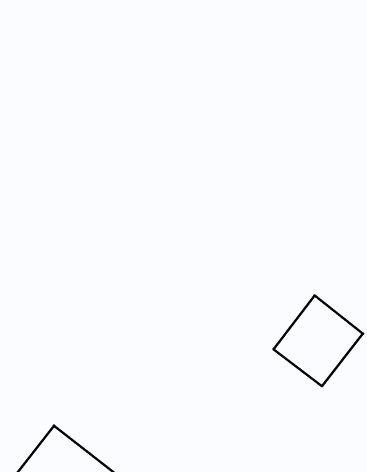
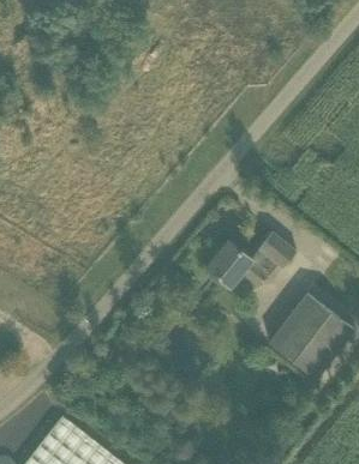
building: none -> [205,234,294,291]

